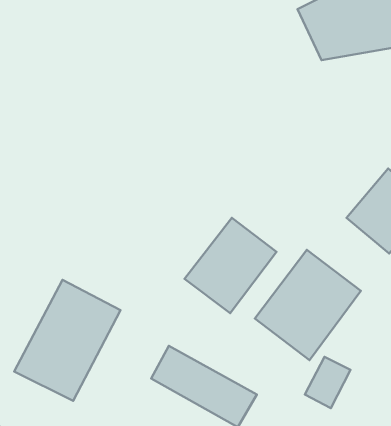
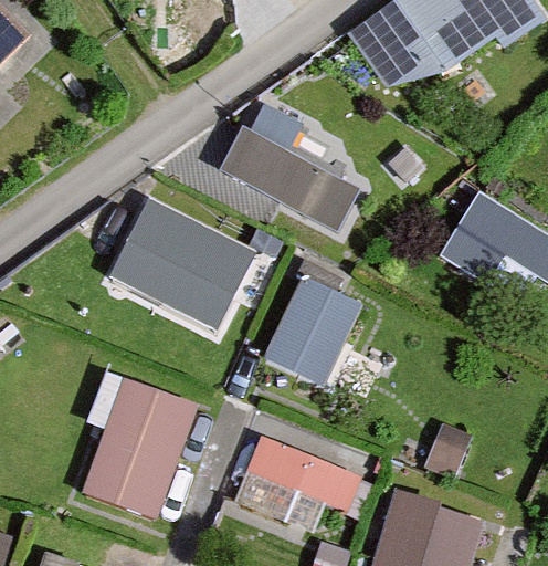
building: none -> [220,129,359,232]
building: none -> [103,198,246,318]
building: [255,250,361,360] -> none

